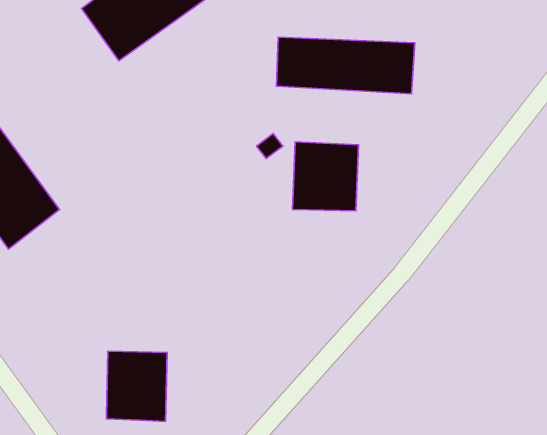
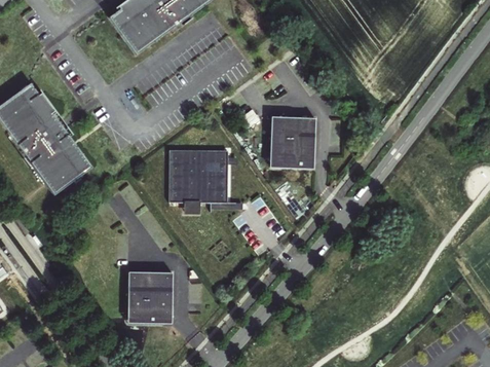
building: [276,37,415,94] -> none
building: none -> [169,148,227,201]

